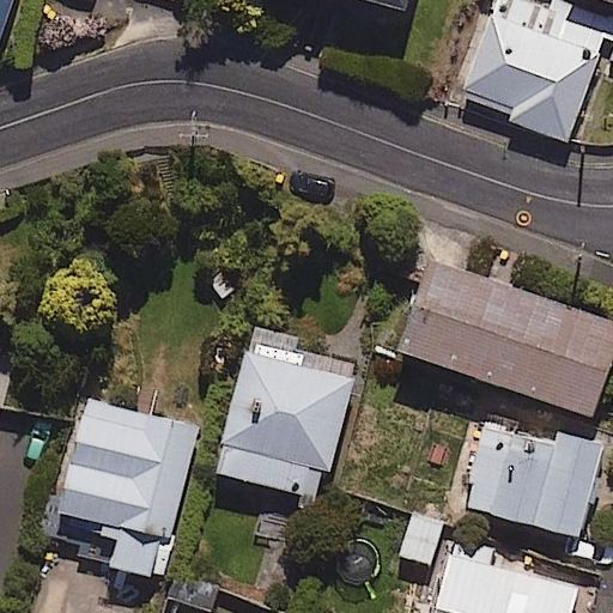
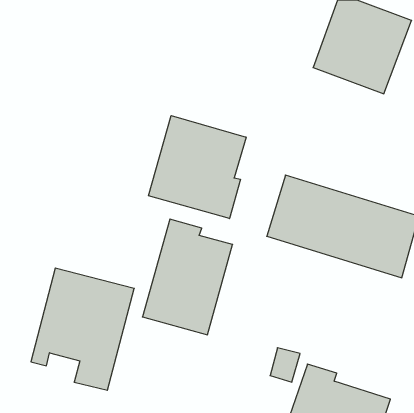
building: none -> [148,116,246,219]
building: [463,413,605,538] -> none

